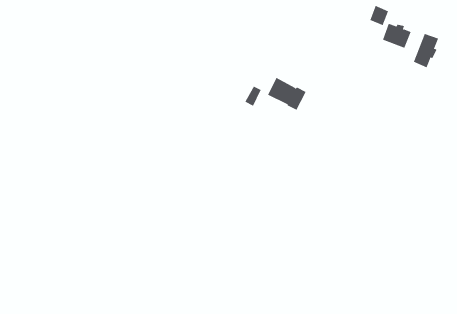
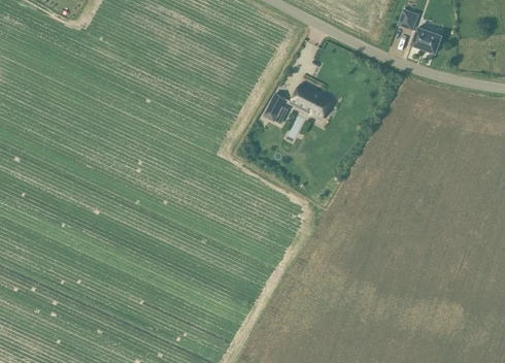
building: [413,33,439,68] -> none

